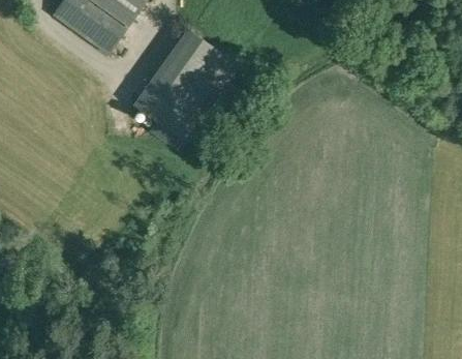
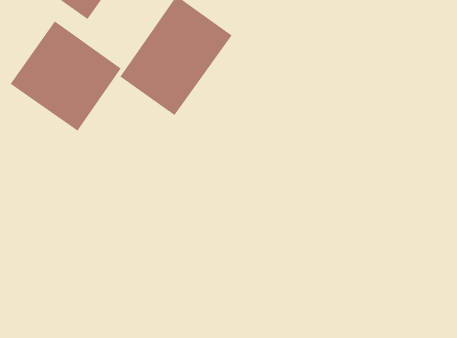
building: none -> [10,21,121,131]

